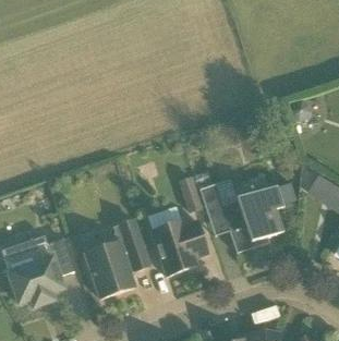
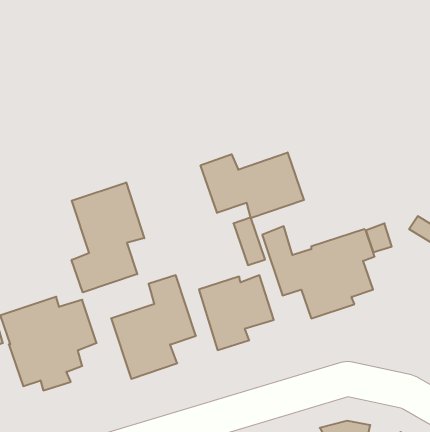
building: none -> [201,152,304,218]
building: none -> [72,182,144,292]

